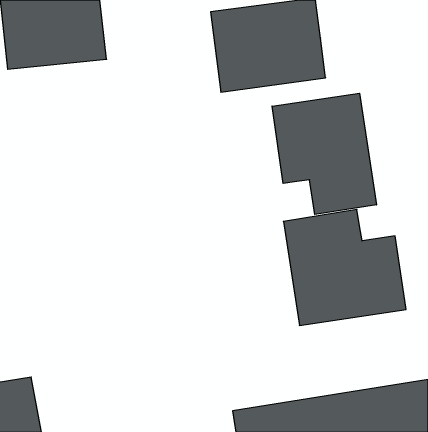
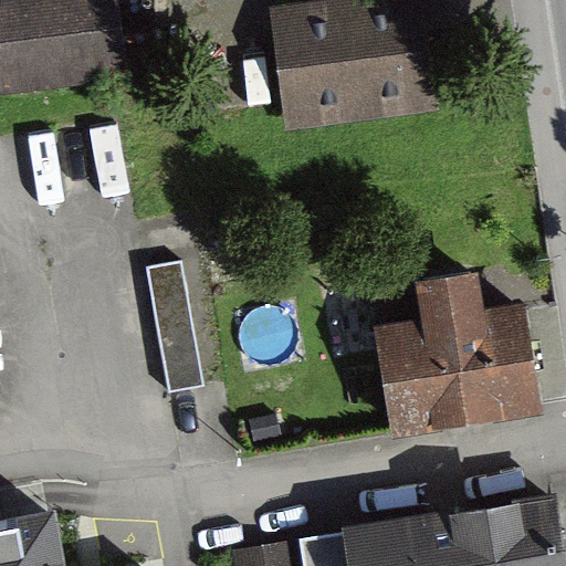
building: [272,93,376,214] -> none
building: none -> [143,261,208,395]

